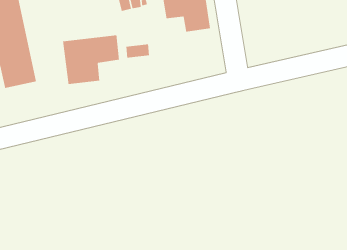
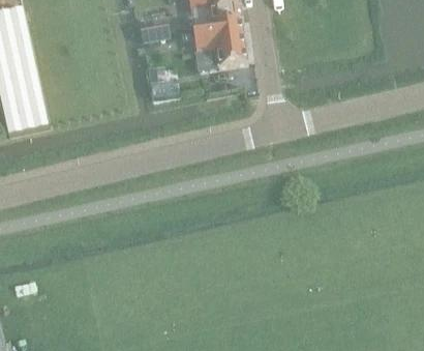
building: [63,35,120,85] -> none

